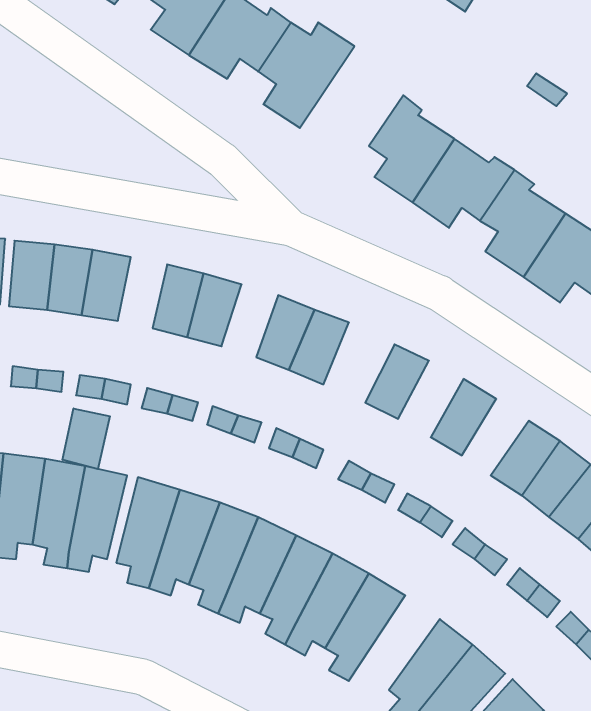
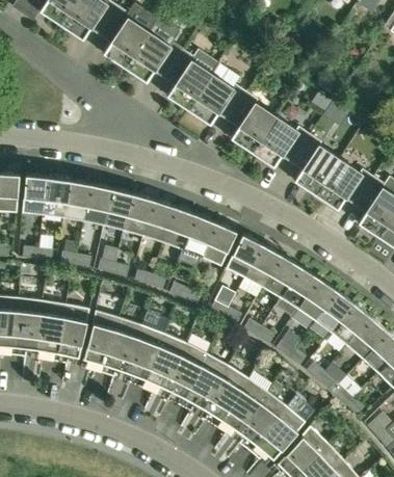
building: none -> [188,63,247,125]
building: none -> [84,184,112,224]
building: none -> [143,200,176,241]
building: none -> [202,221,237,265]
building: none -> [244,243,282,287]
building: none -> [275,265,319,316]
building: [63,408,110,469] -> none
building: none -> [216,377,268,434]

